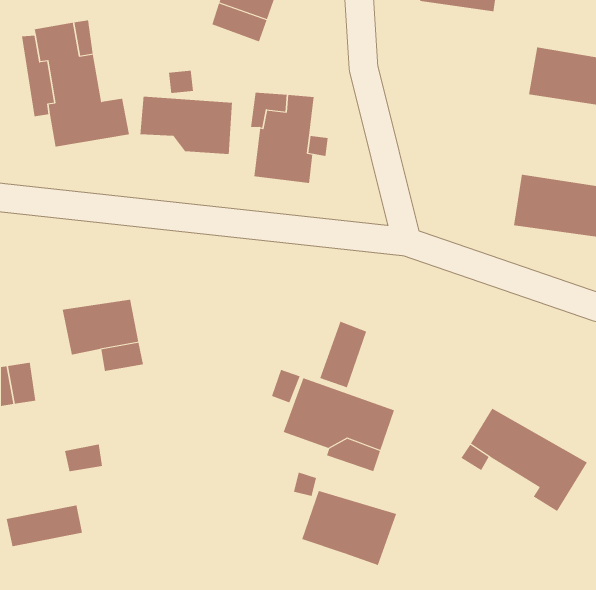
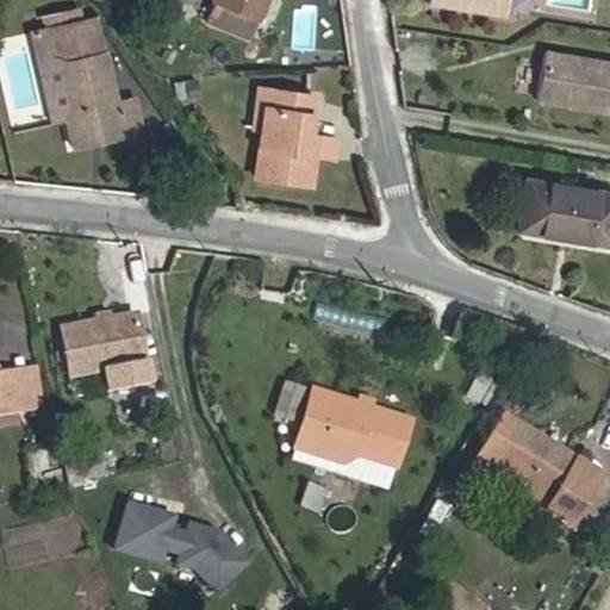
building: [140,96,233,155] -> none
building: [320,321,367,388] -> none
building: [302,490,397,566] -> none
building: none -> [117,504,248,585]

